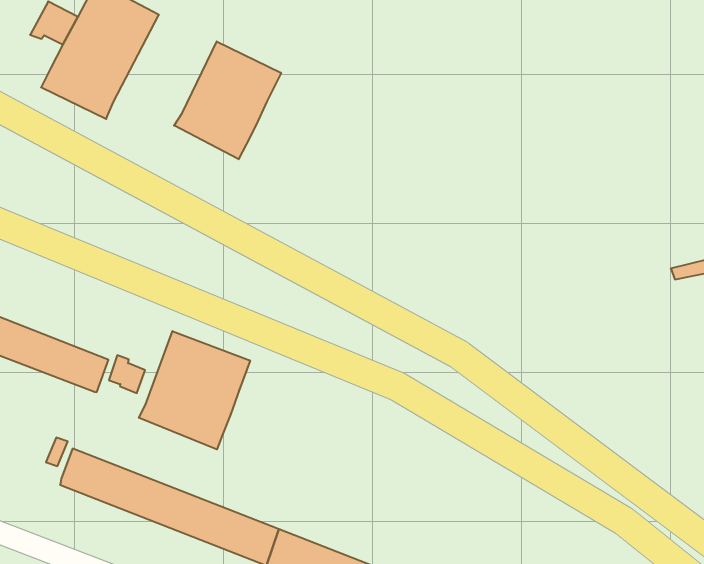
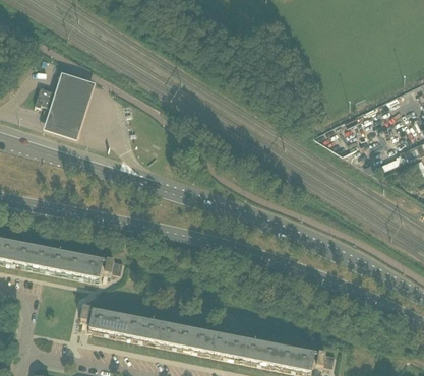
building: [174,41,281,159] -> none
building: [139,331,250,449] -> none

